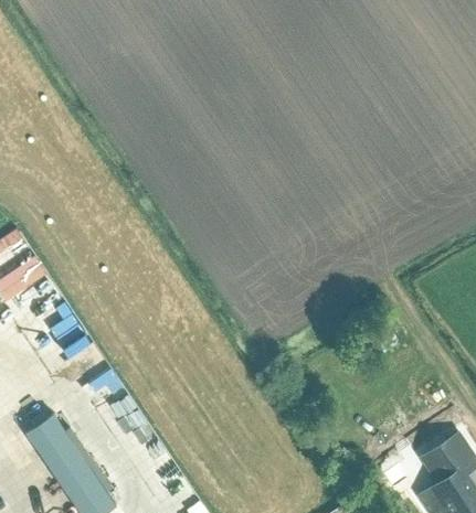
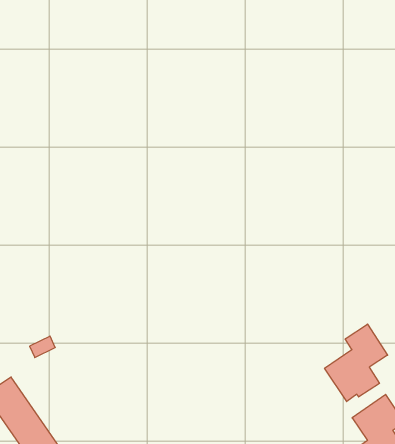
building: none -> [325,324,388,402]

